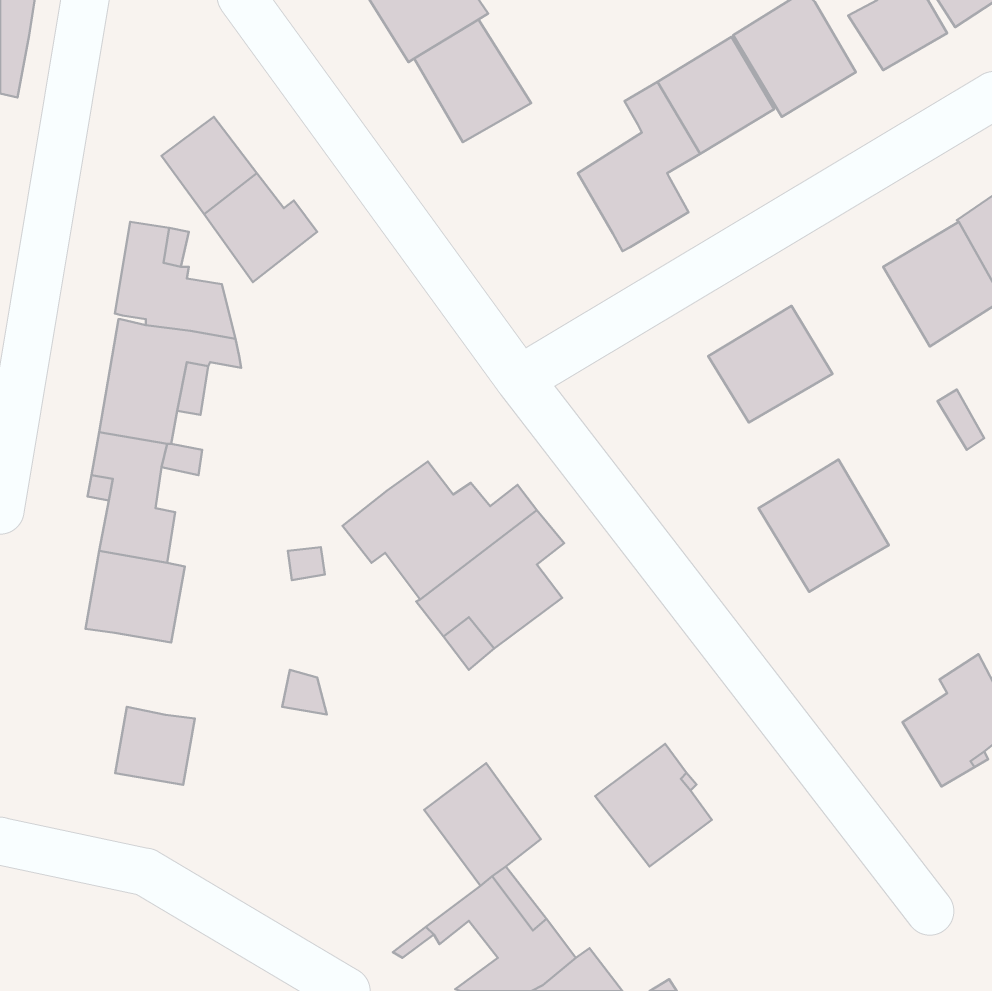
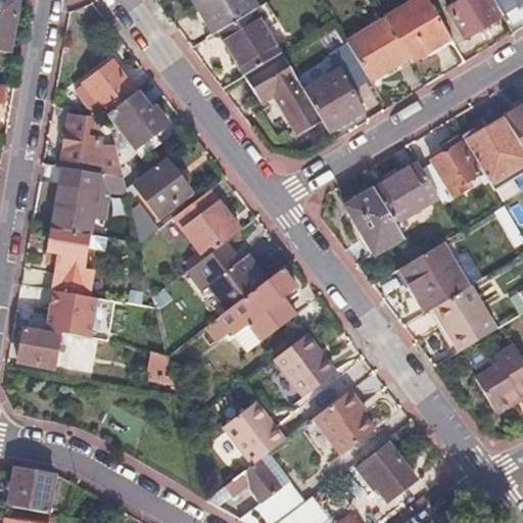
building: none -> [244,52,323,136]
building: none -> [430,141,482,196]
building: none -> [127,158,190,242]
building: none -> [343,187,401,252]
building: none -> [175,190,240,257]
building: none -> [436,284,496,350]
building: none -> [275,333,336,396]
building: [115,707,195,785] -> [19,326,61,367]
building: none -> [358,443,412,501]
building: none -> [8,464,54,511]

